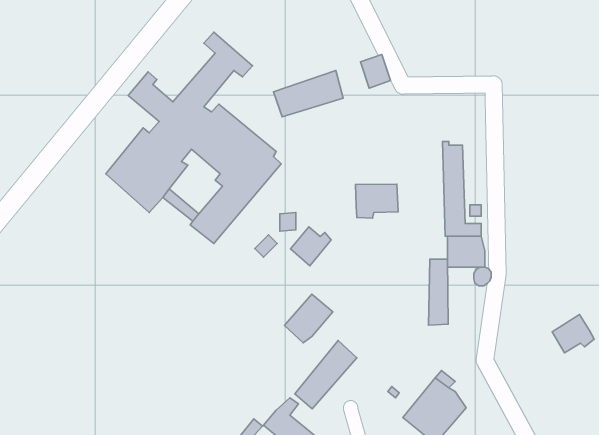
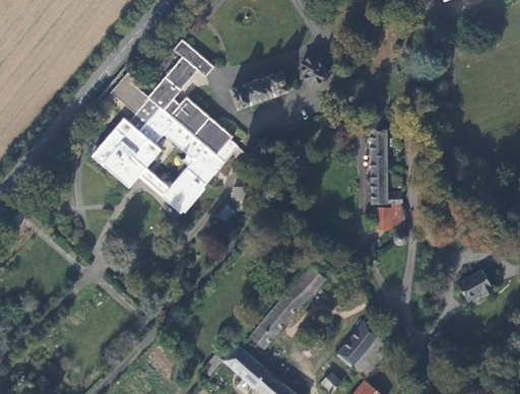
building: [356,184,398,218] -> none
building: [291,227,331,266] -> none
building: [428,259,448,325] -> none
building: [284,294,333,343] -> [283,266,323,306]

